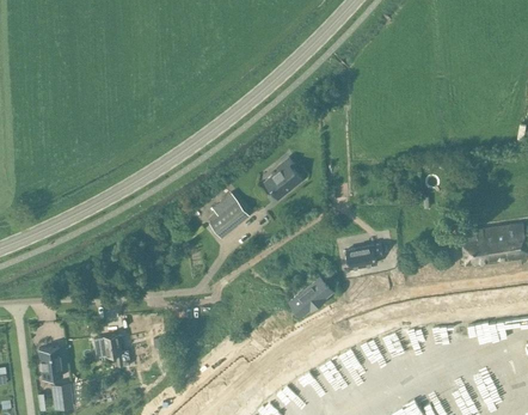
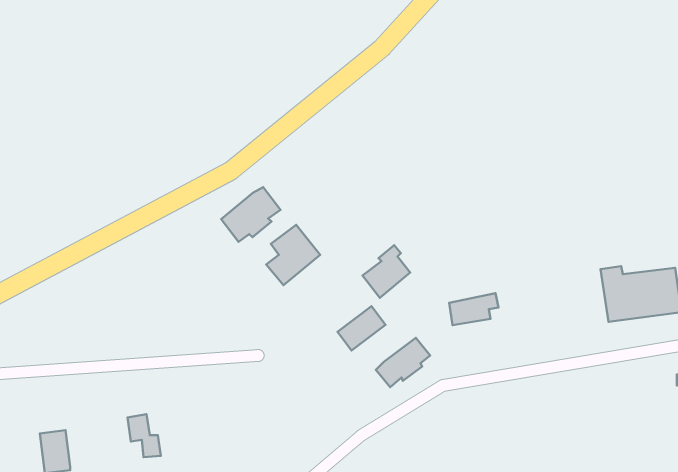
building: [265,158,301,197] -> [362,245,410,298]
building: none -> [221,187,280,242]
building: none -> [338,306,385,350]

